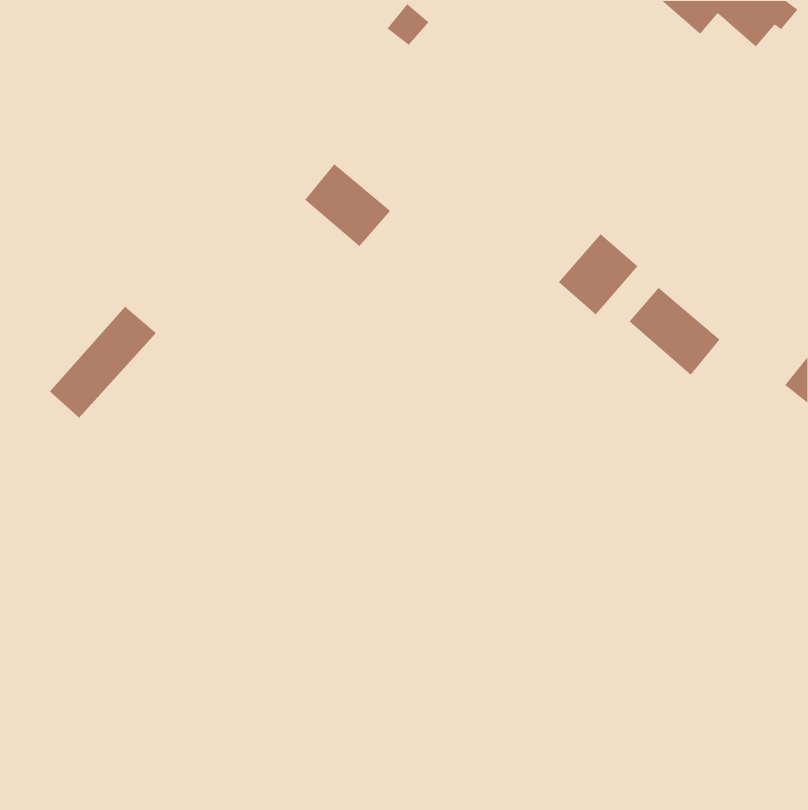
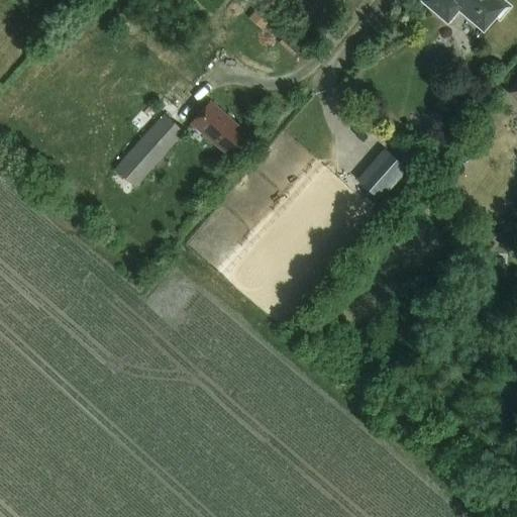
building: [628,287,721,376] -> none
building: [49,306,157,419] -> [113,115,182,187]

